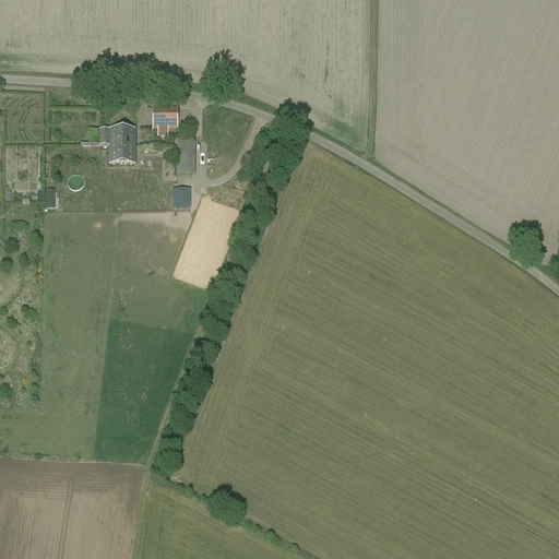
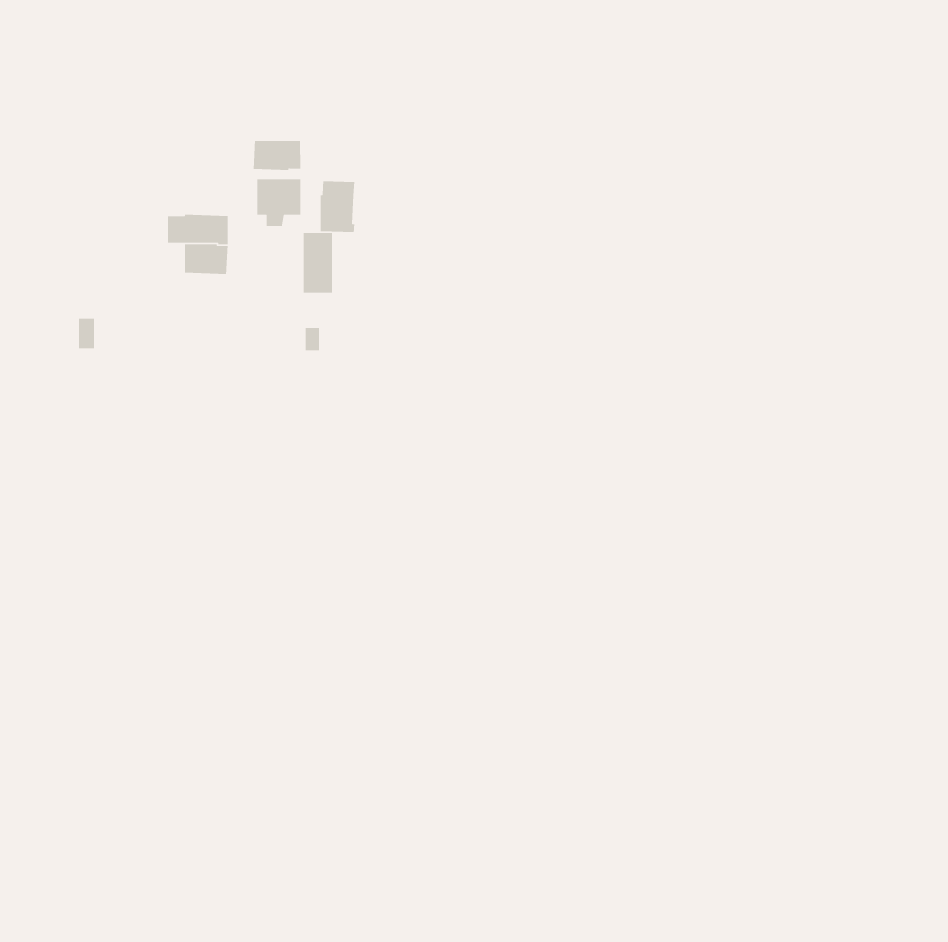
building: none -> [253,140,301,171]
building: none -> [320,181,355,233]

